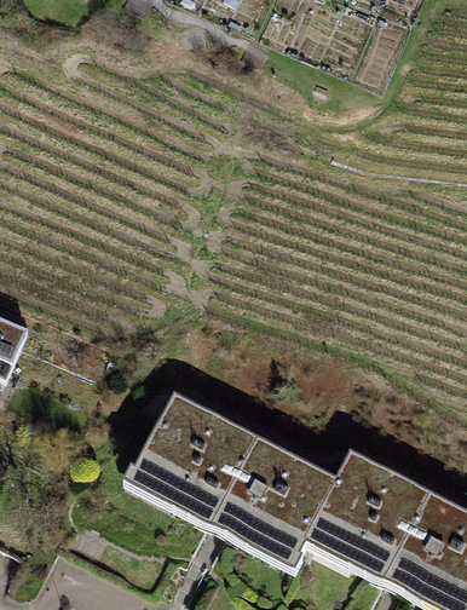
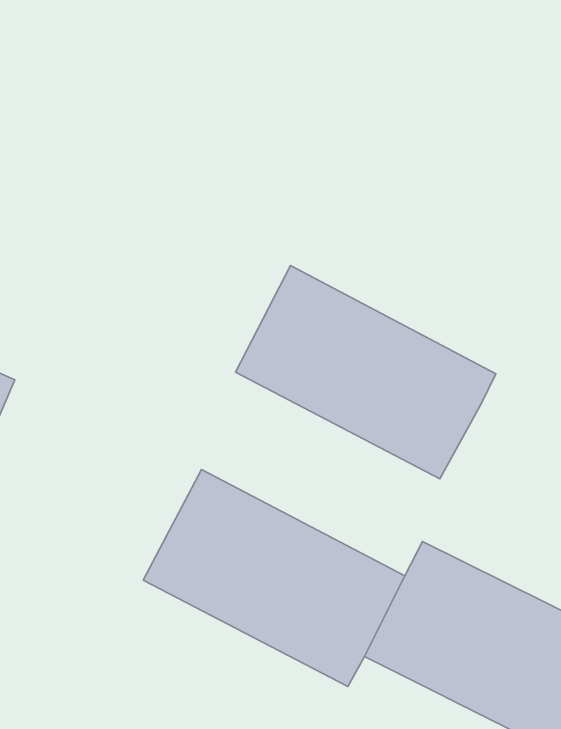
building: none -> [235,266,496,479]

